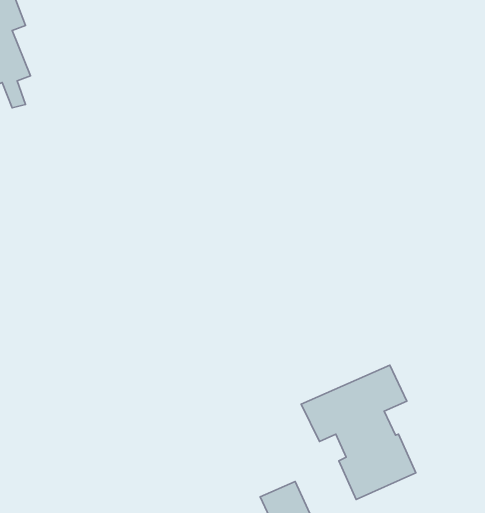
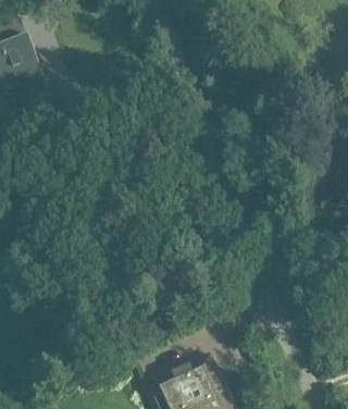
building: [301,365,416,500] -> none

